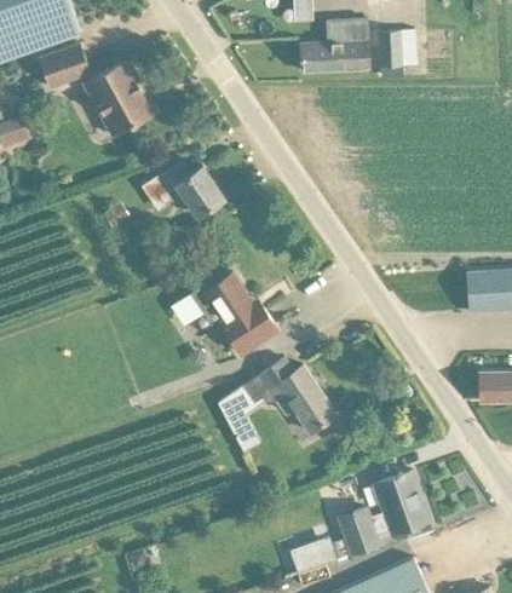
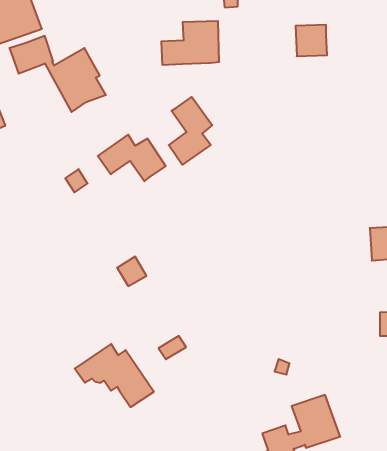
building: [300,19,369,71] -> [161,21,219,65]
building: none -> [169,97,212,165]
building: [185,271,278,352] -> none
building: [242,357,336,432] -> [75,344,154,407]

